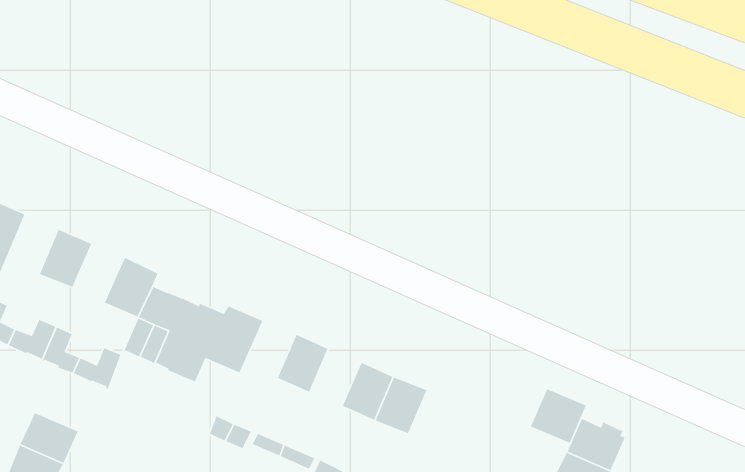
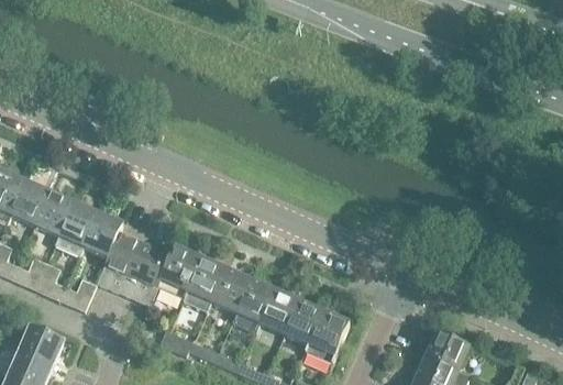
building: none -> [9,177,47,222]
building: none -> [54,199,97,253]
building: none -> [181,256,224,309]
building: none -> [230,277,273,330]
building: [530,388,587,444] -> none
building: none -> [305,308,350,360]

